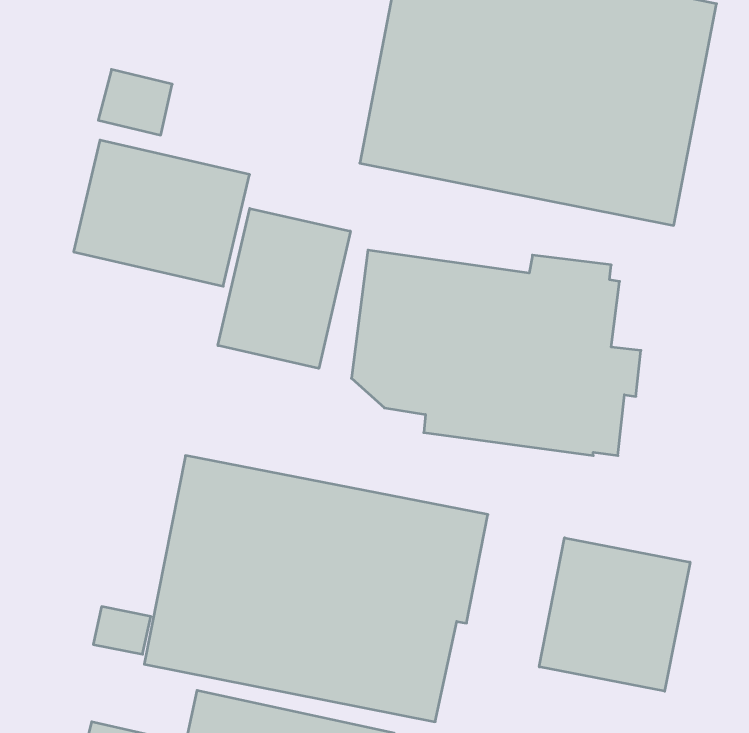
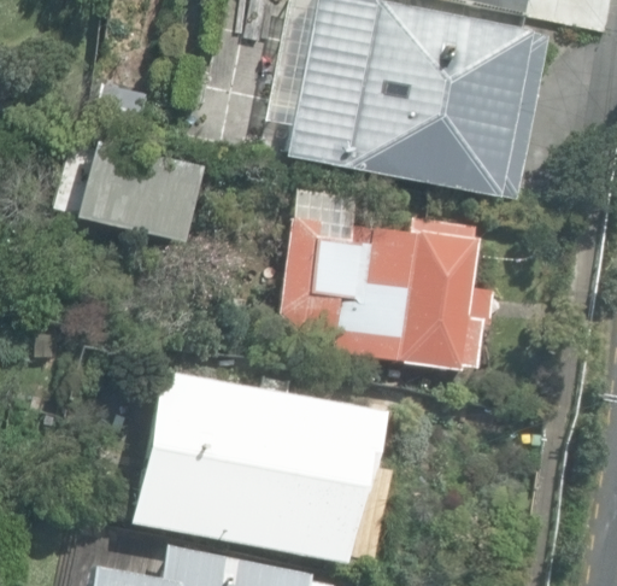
building: [218,208,350,368] -> none
building: [539,538,690,691] -> none

